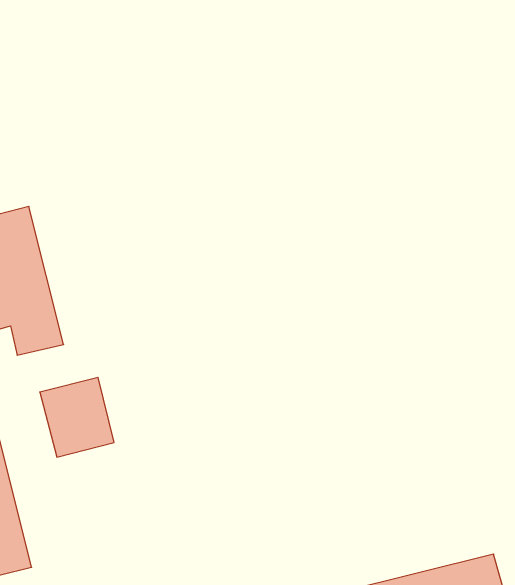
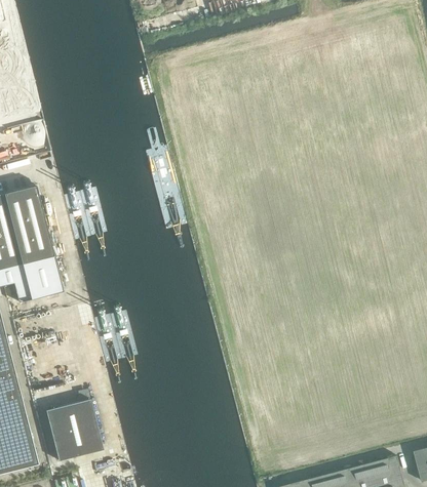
building: [40,377,114,457] -> [45,400,103,461]

